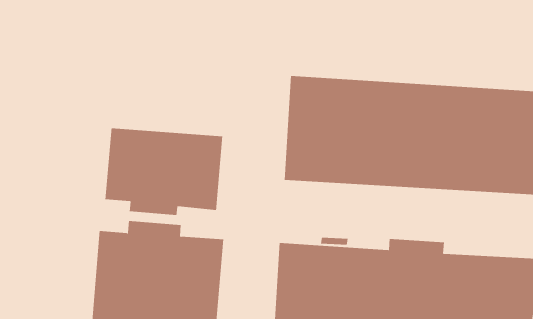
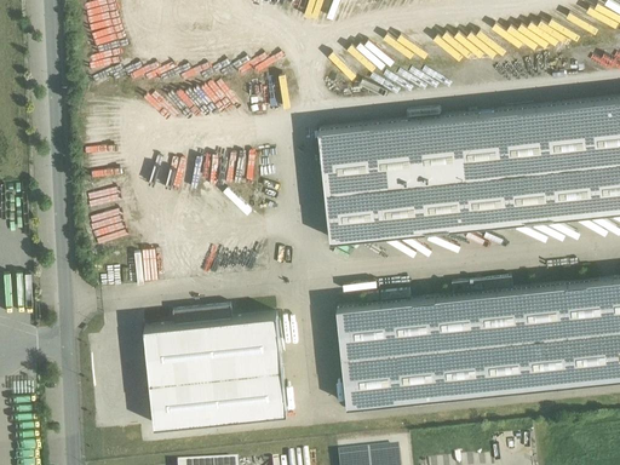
building: [105,127,223,216] -> none

